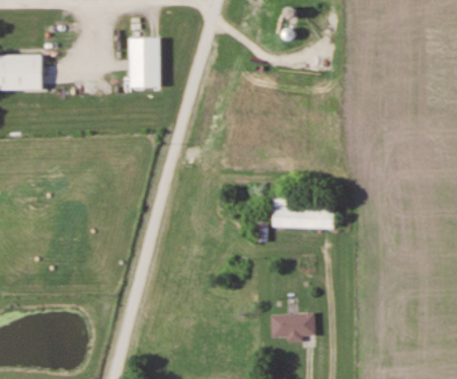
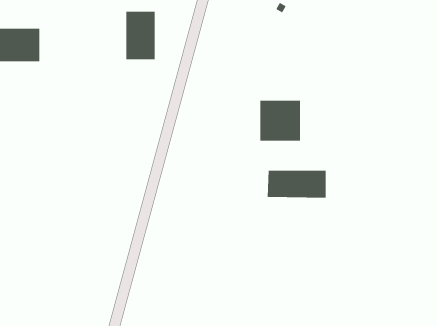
building: none -> [260,100,301,142]
building: [271,315,314,343] -> none

